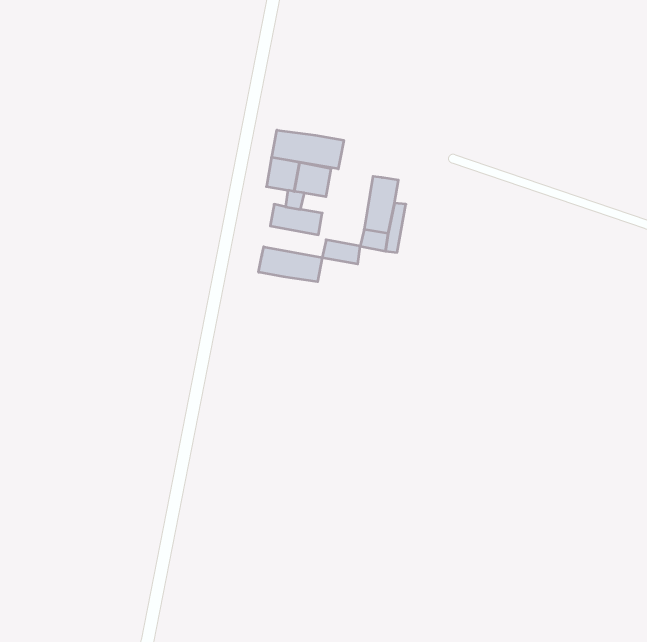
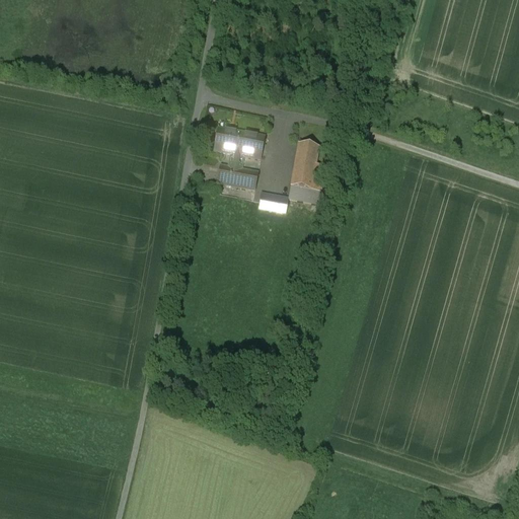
building: [272,130,344,169] -> none
building: [259,247,322,282] -> none

